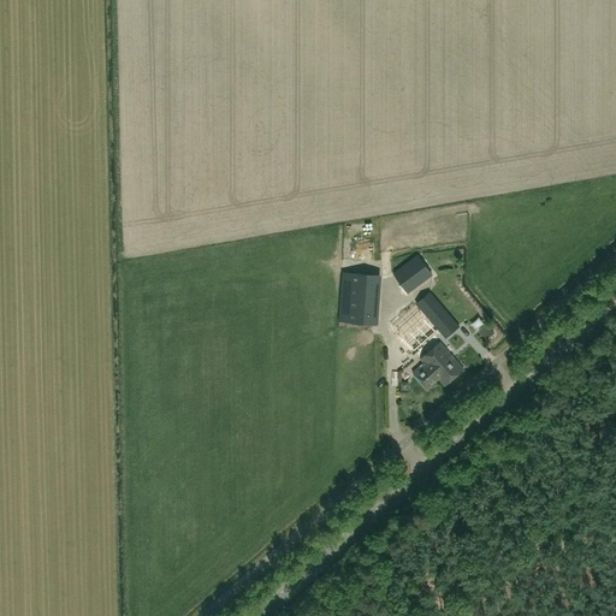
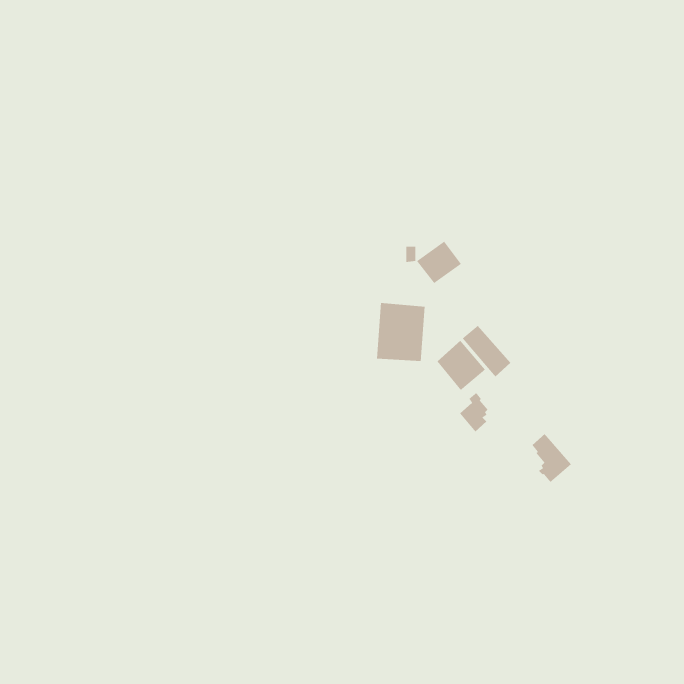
building: [392,255,433,294] -> [416,241,462,284]
building: [428,342,464,386] -> [532,433,572,483]

